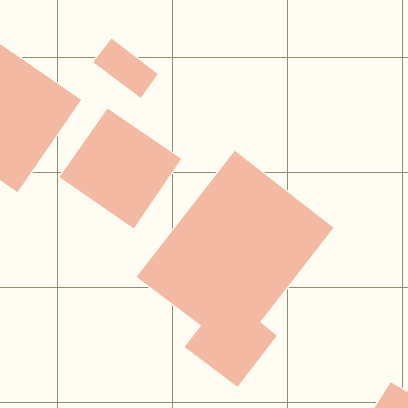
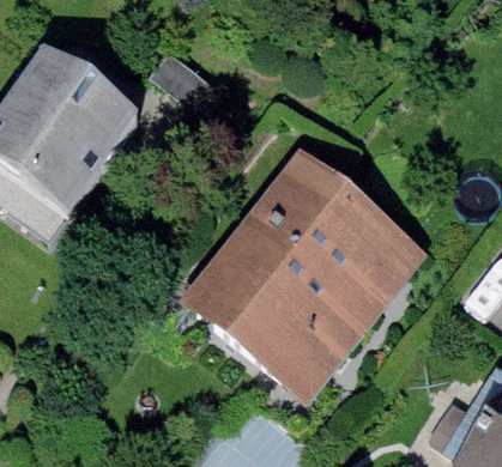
building: [59,108,182,230] -> none

